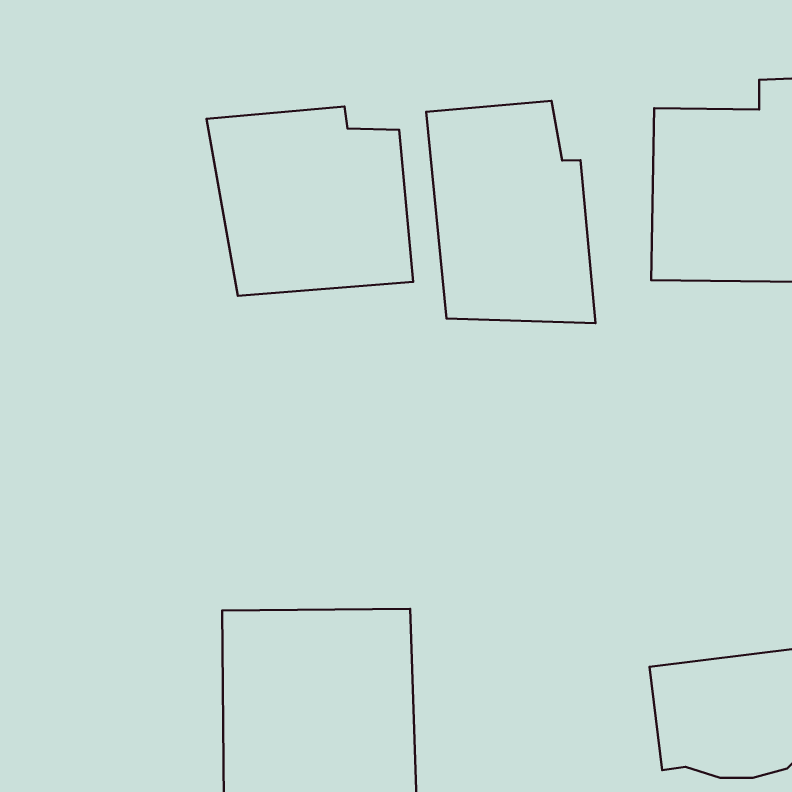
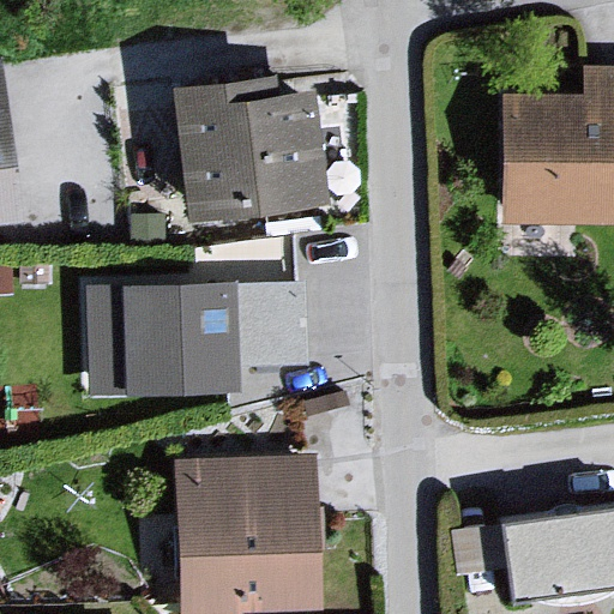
building: [426,101,595,323] -> none
building: none -> [89,273,317,393]

